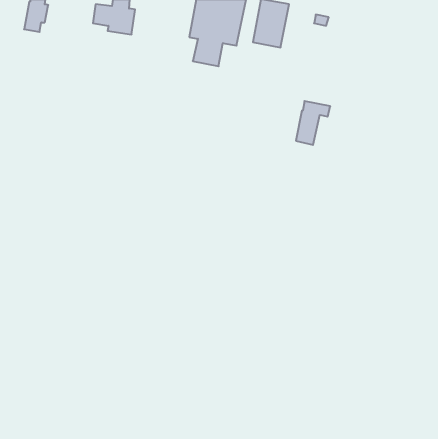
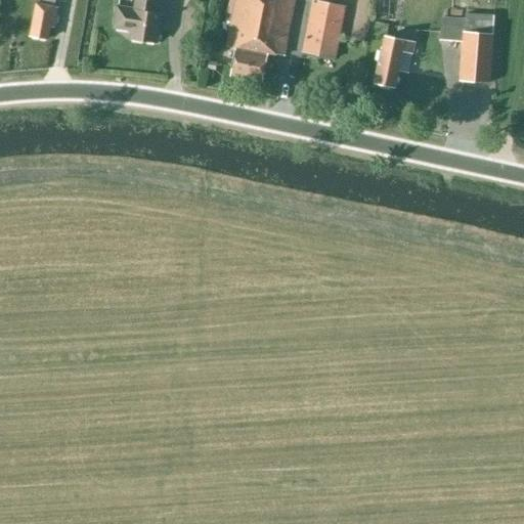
building: none -> [441,16,494,82]
building: [296,101,330,145] -> [375,35,416,87]

